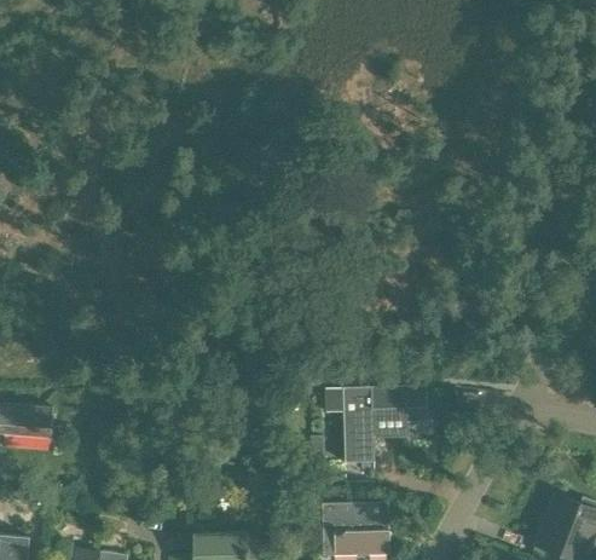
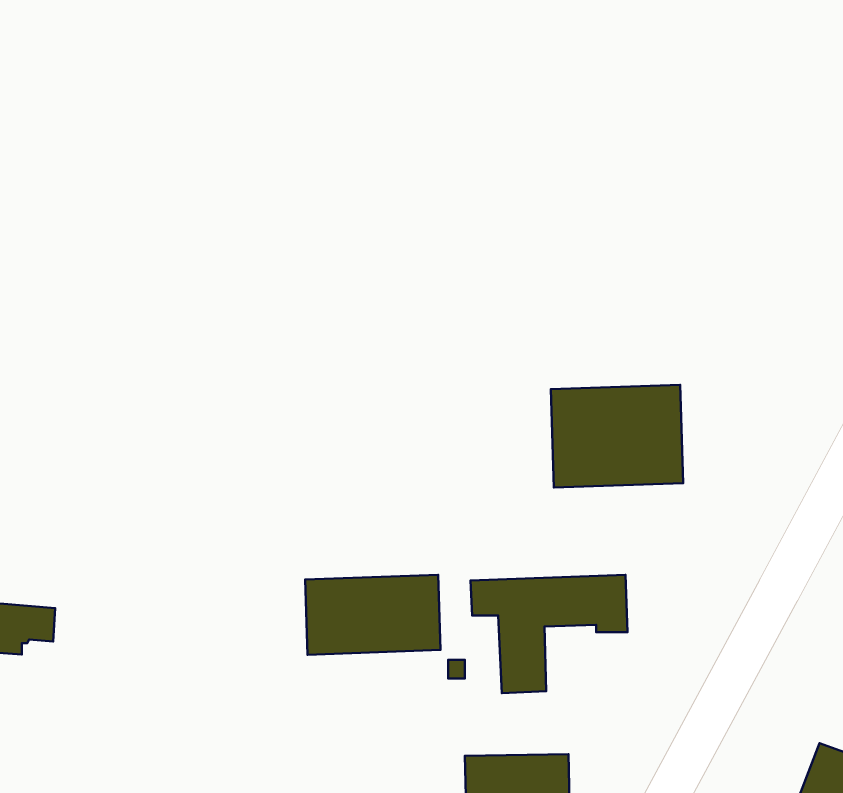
building: none -> [551,385,683,488]
building: none -> [305,575,440,655]

